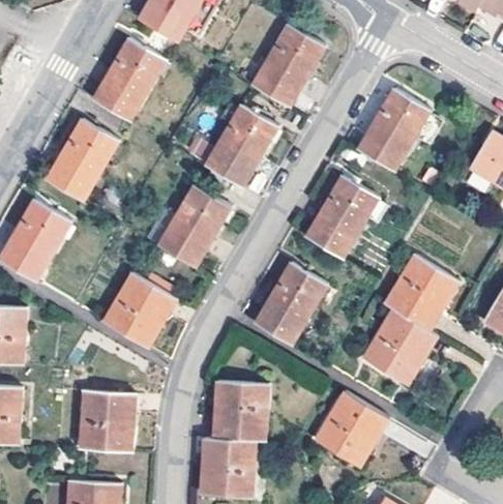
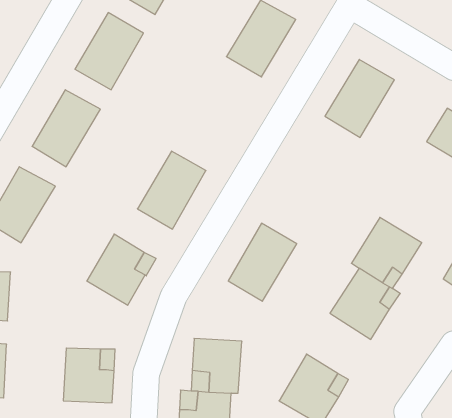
building: [205,103,277,185] -> none
building: [306,173,379,257] -> none

